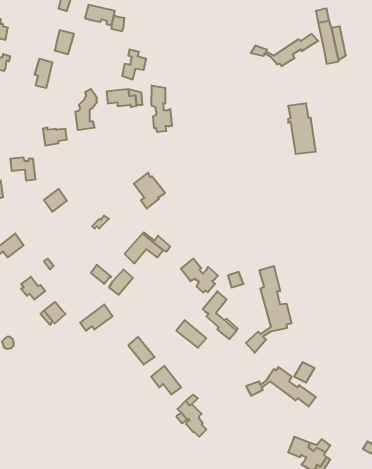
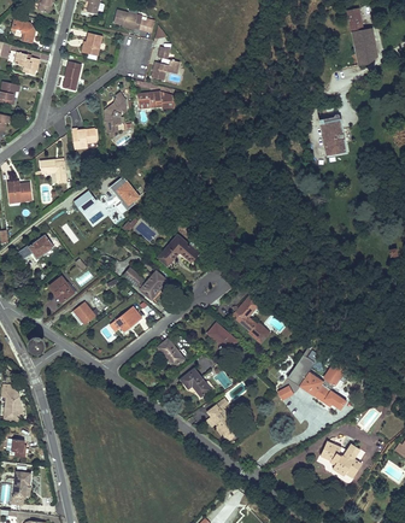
building: [251,34,318,66] -> none
building: [152,85,172,132] -> none
building: [134,173,165,209] -> [110,177,141,213]
building: [181,259,218,293] -> none
building: [246,266,292,353] -> none

